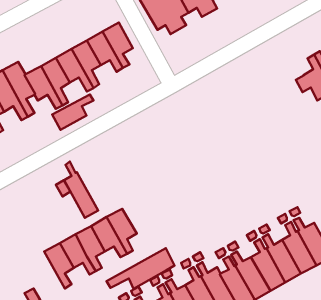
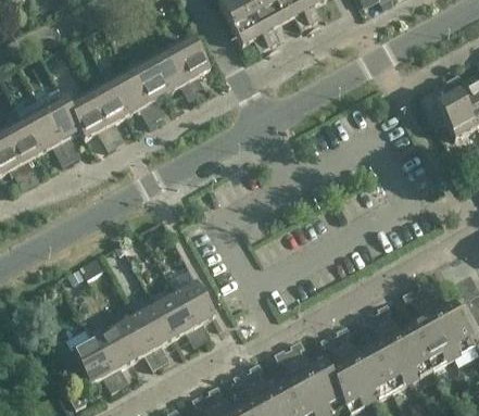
building: [52,95,93,130] -> none
building: [64,162,98,218] -> none
building: [107,248,175,289] -> none
building: none -> [73,338,121,391]

